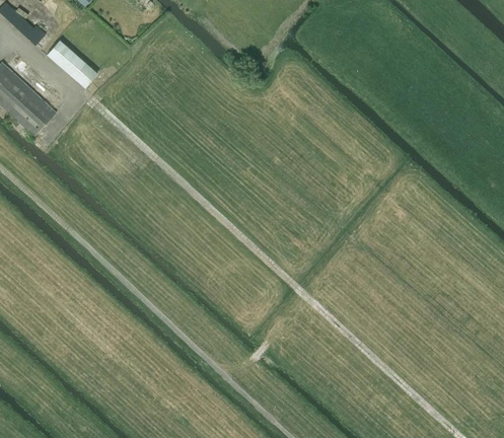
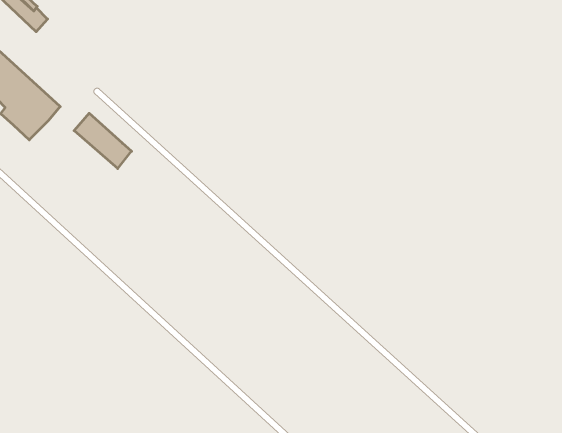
building: [46,39,96,87] -> [74,113,132,169]

